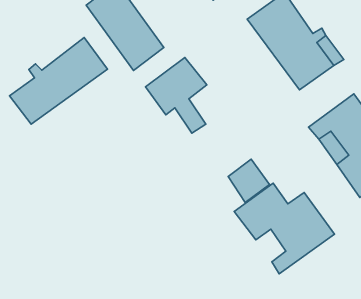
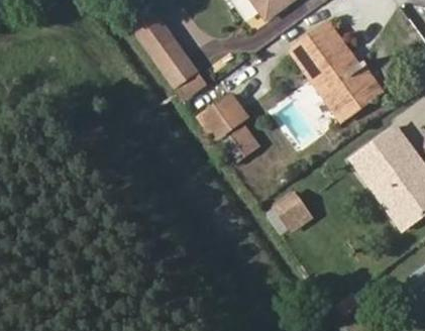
building: [9,37,107,124] -> none
building: [234,183,335,274] -> none

